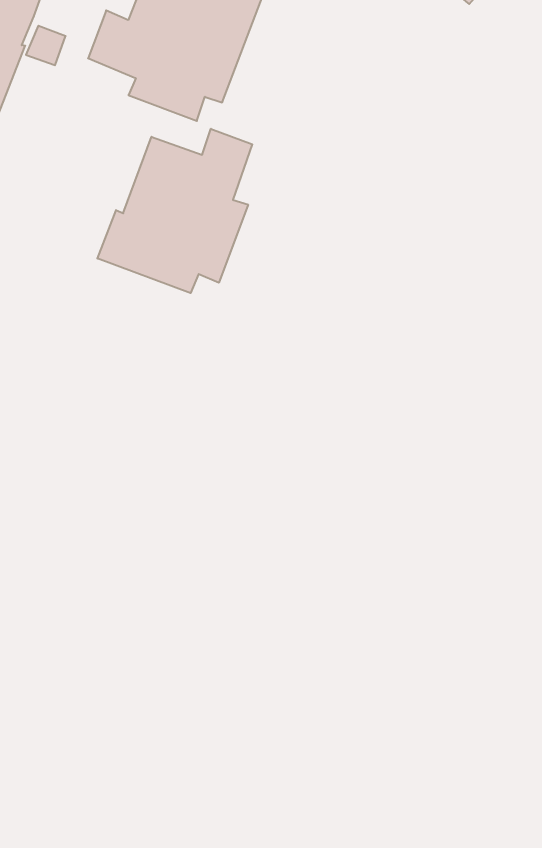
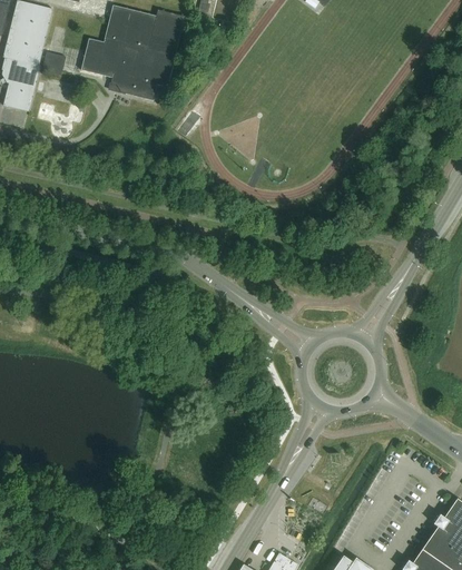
building: [97,129,252,293] -> none

